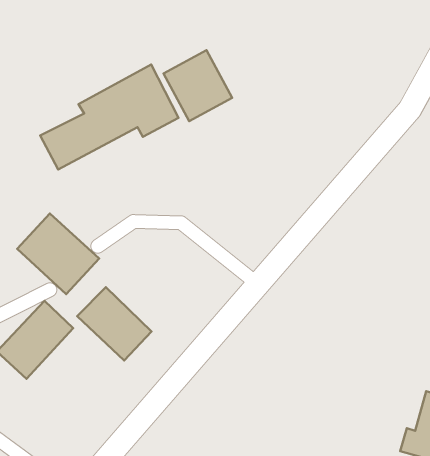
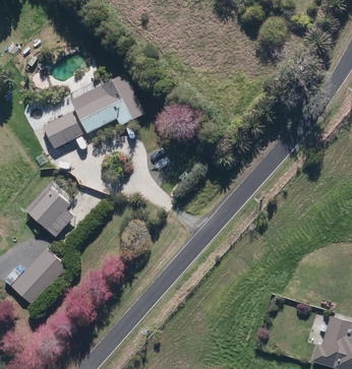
building: [163,50,232,121] -> none
building: [77,287,151,361] -> none

